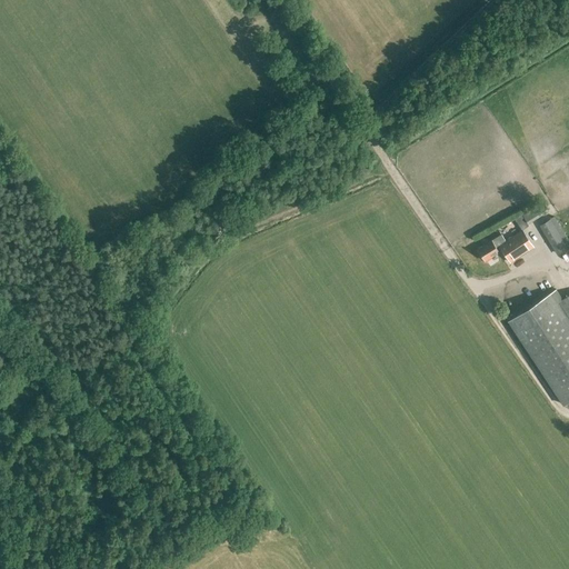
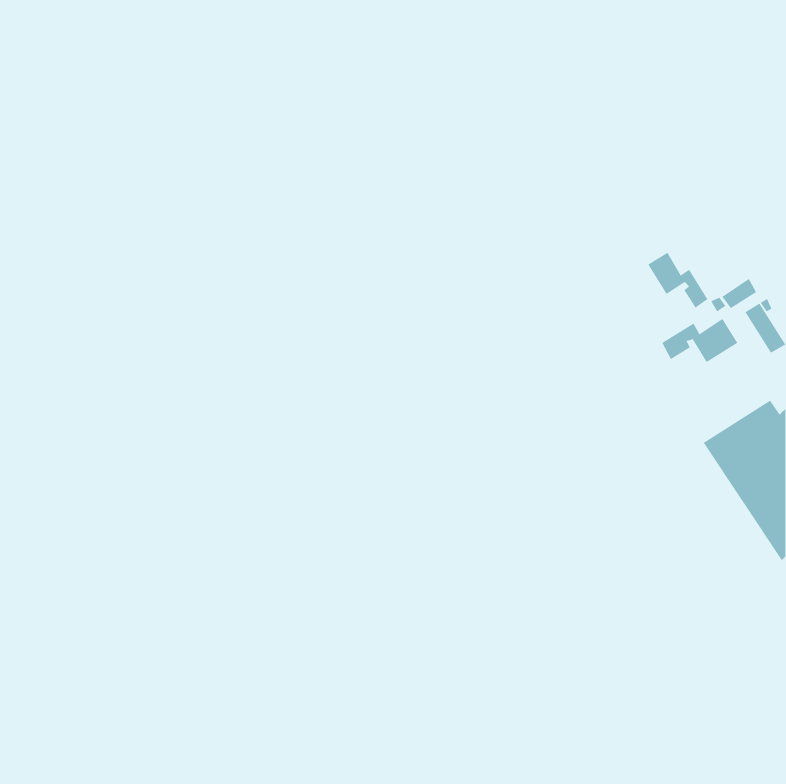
building: none -> [647,252,708,309]

